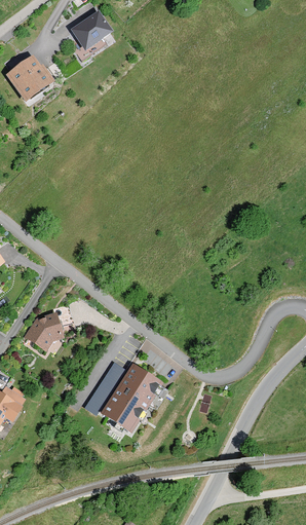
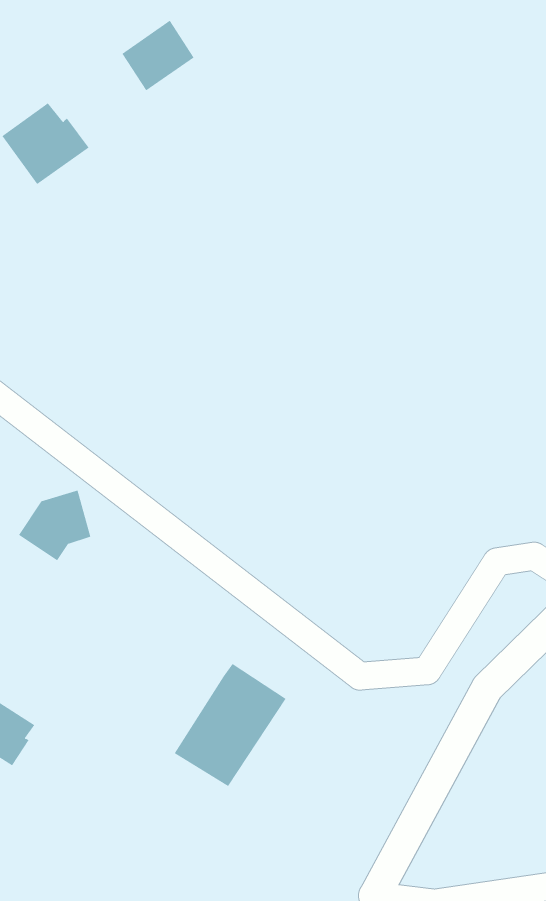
building: [24,311,64,350] -> [18,490,91,561]
building: [85,363,127,414] -> none

